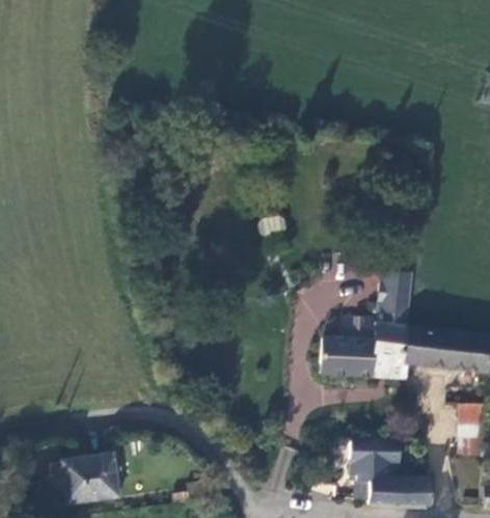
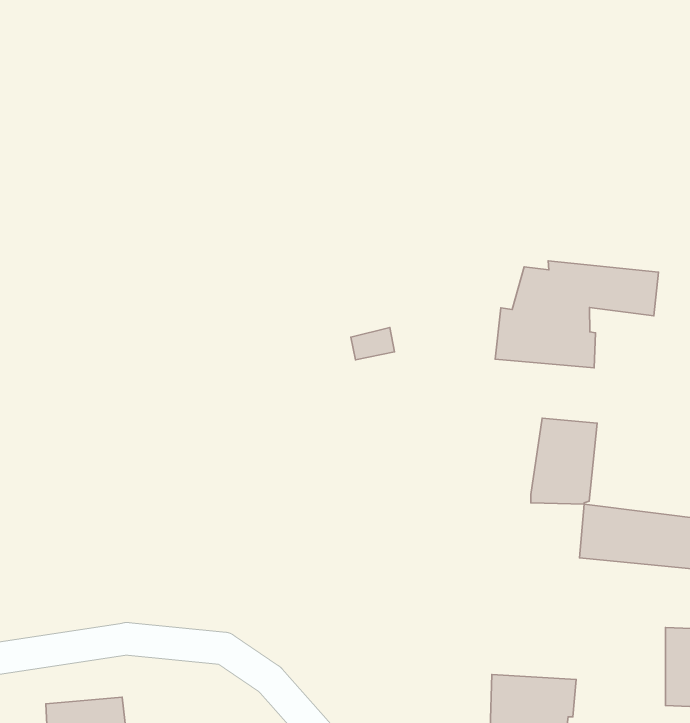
building: none -> [495,261,658,368]
building: [321,319,408,380] -> none

